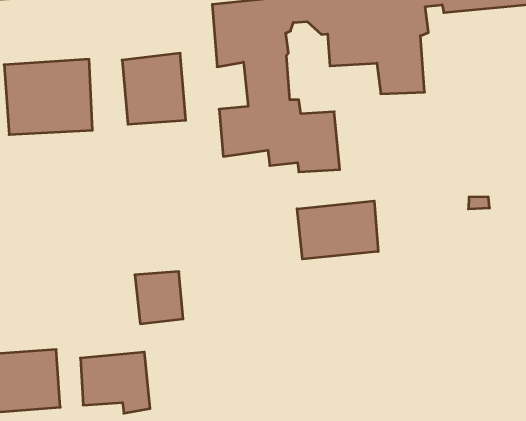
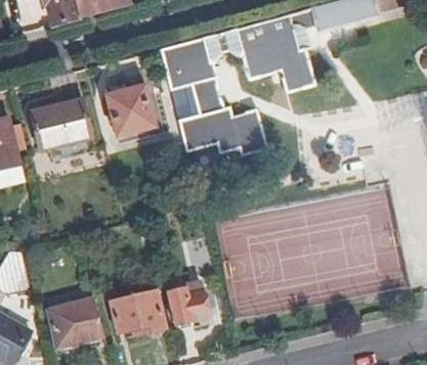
building: [297,201,378,259] -> none
building: [135,272,183,324] -> [167,285,205,325]

